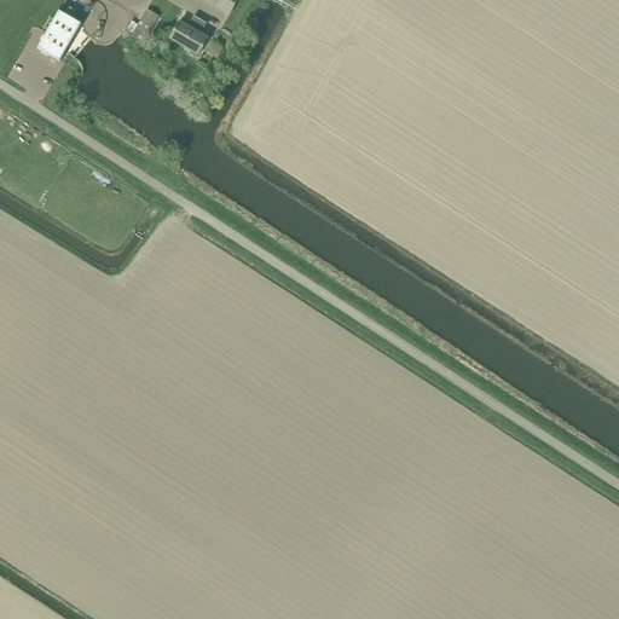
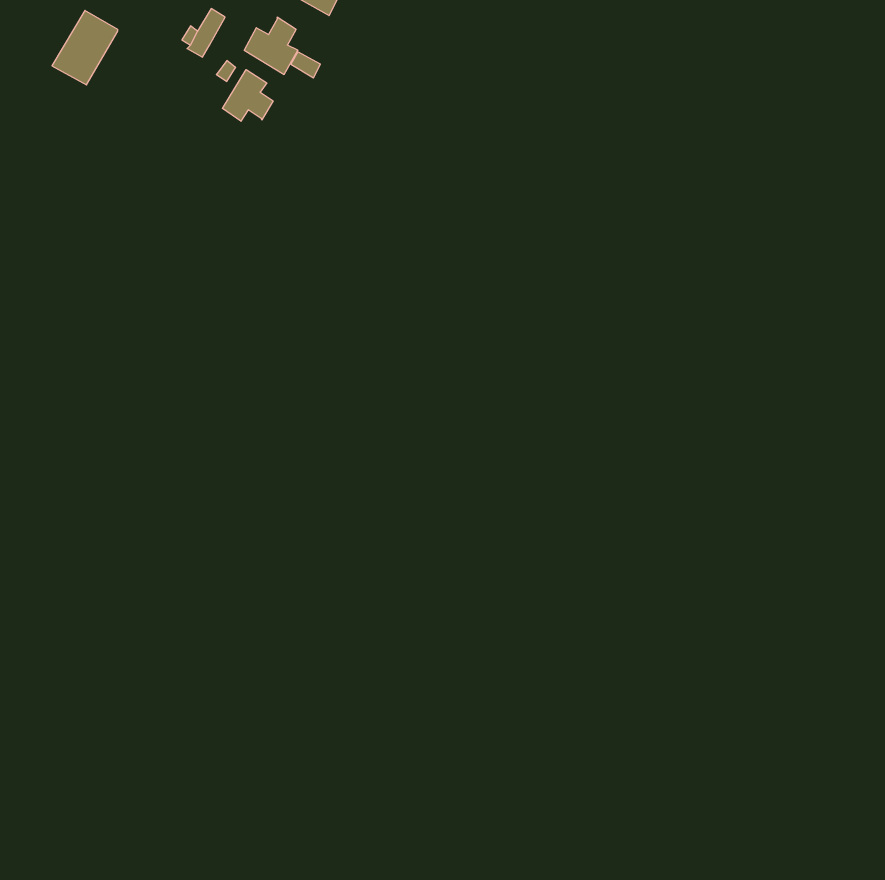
building: none -> [222,70,273,121]

